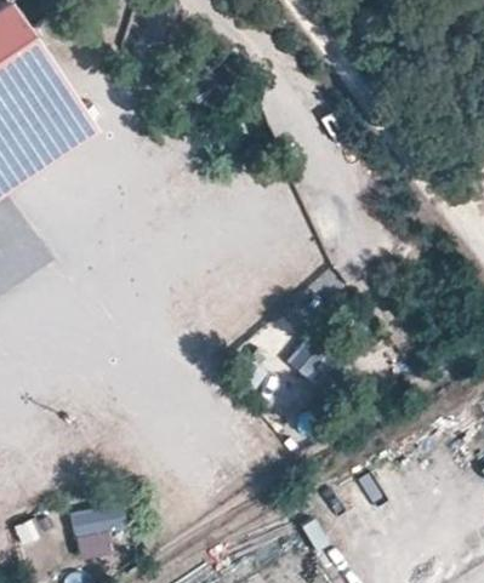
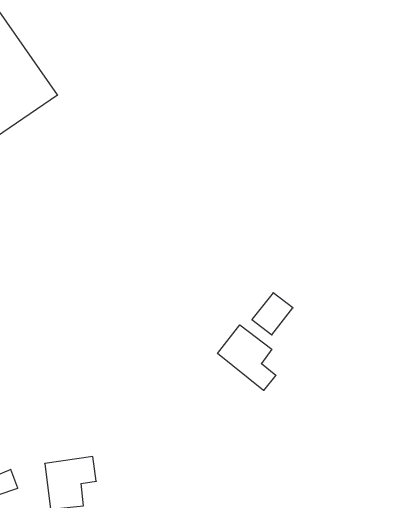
building: none -> [218,325,276,390]

